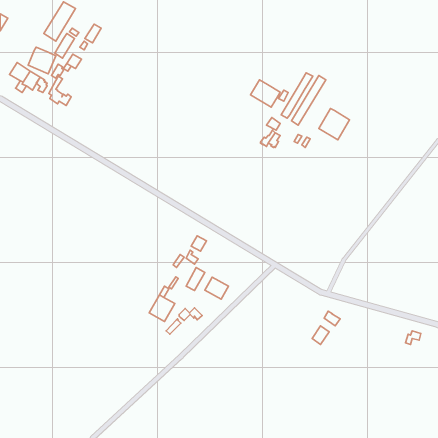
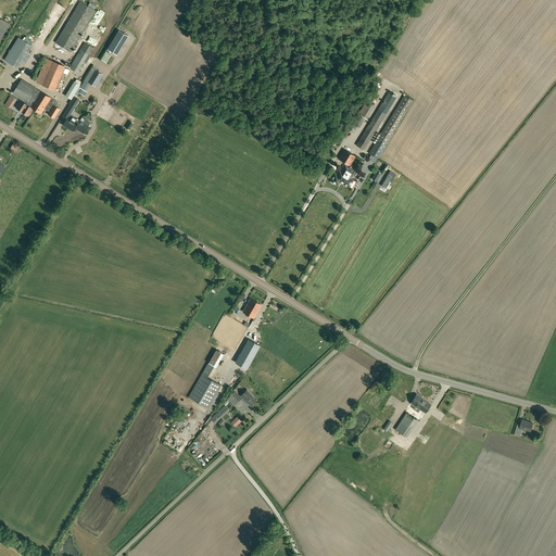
building: none -> [4,37,31,68]
building: [251,80,280,107] -> none
building: [319,108,350,140] -> none
building: [205,277,229,299] -> none

